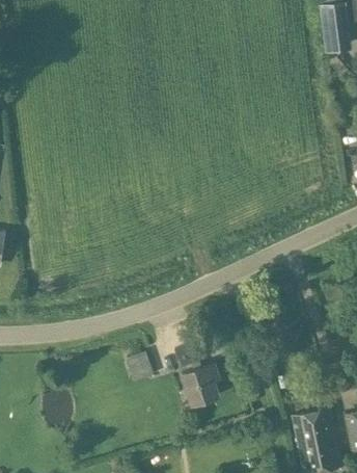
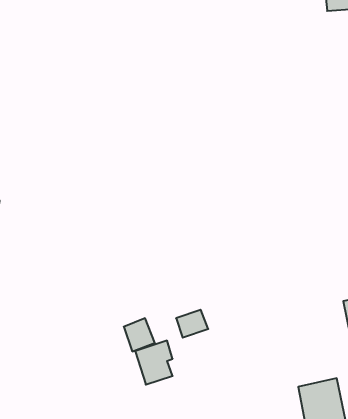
building: [183,363,219,405] -> [135,341,173,385]

